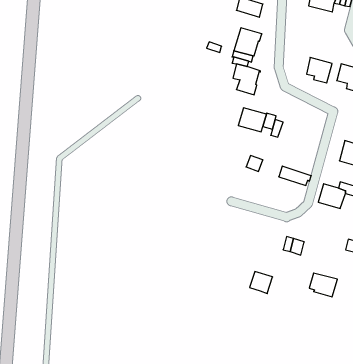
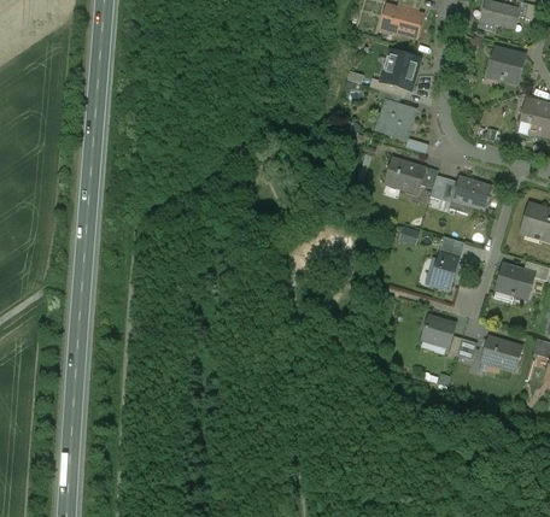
building: [307,57,332,83] -> [490,48,525,83]
building: none -> [452,177,490,210]
building: none -> [429,253,464,295]
building: [250,272,273,294] -> [421,316,452,346]
building: [309,273,337,297] -> [481,337,520,370]

